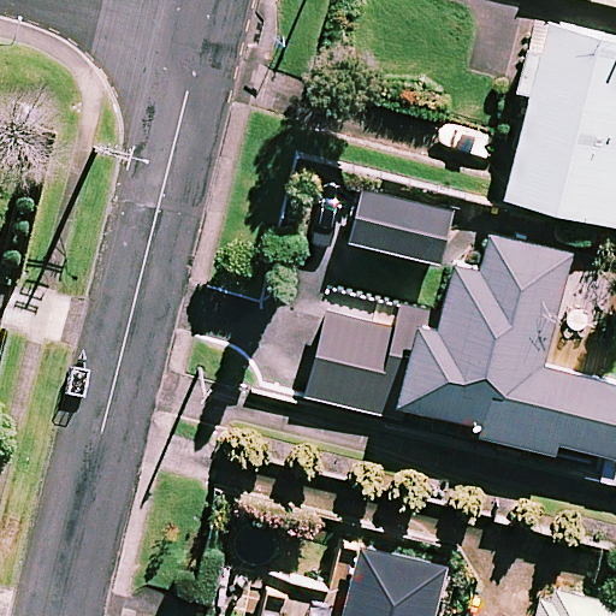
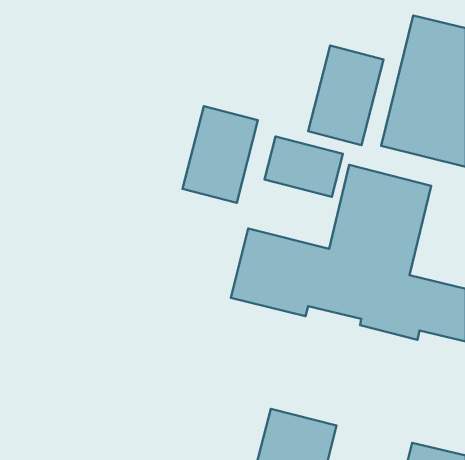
building: none -> [308,46,384,145]
building: none -> [183,106,258,203]

